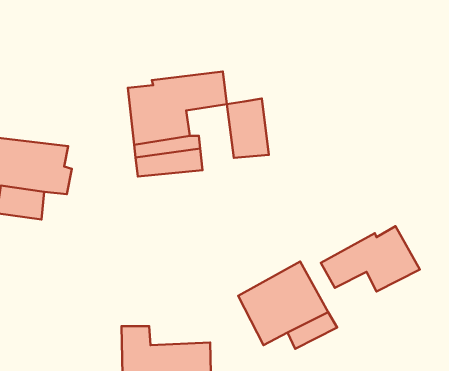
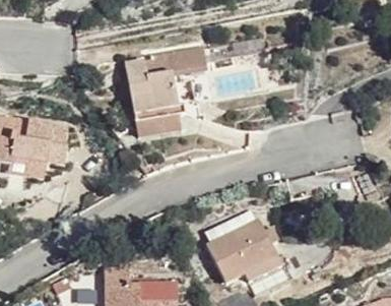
building: [227,98,269,158] -> none
building: [321,226,420,291] -> none

